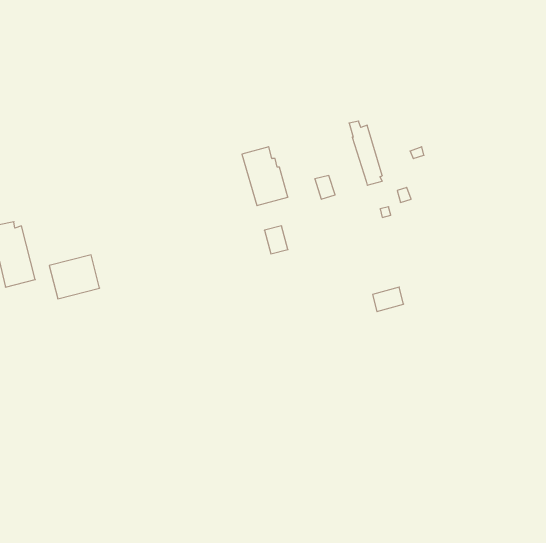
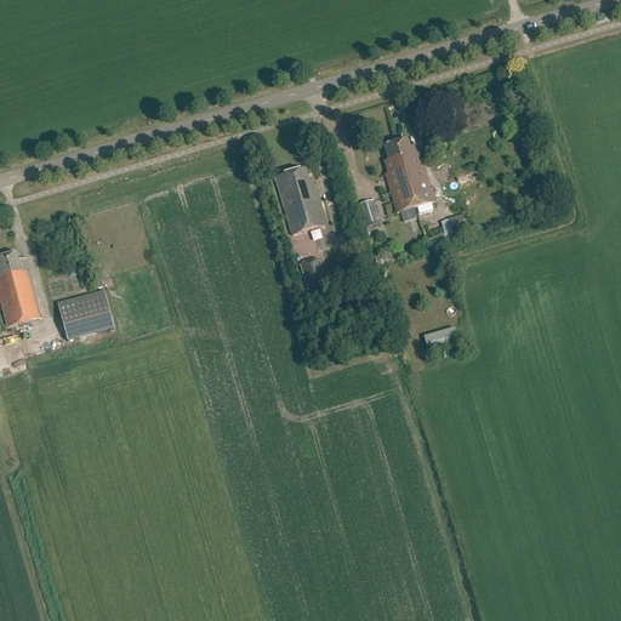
building: none -> [383,139,415,211]

